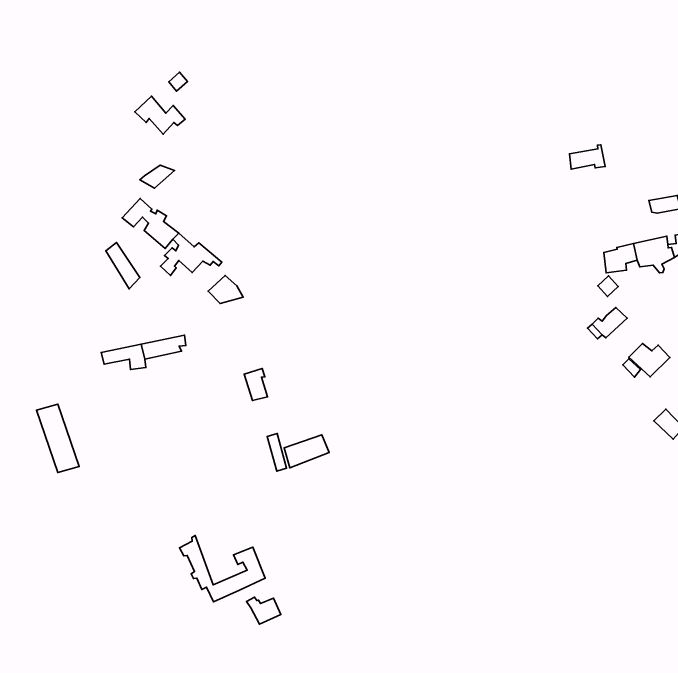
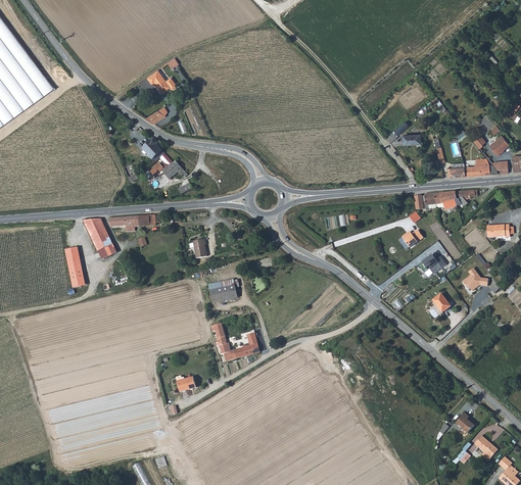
building: none -> [82,219,114,256]
building: [179,536,265,602] -> [209,320,258,360]

